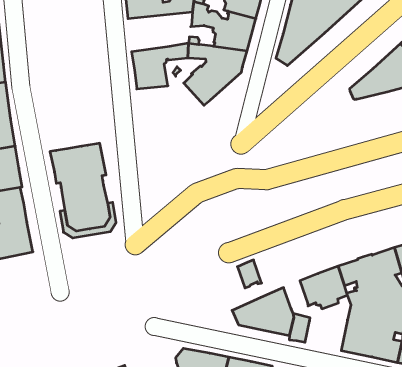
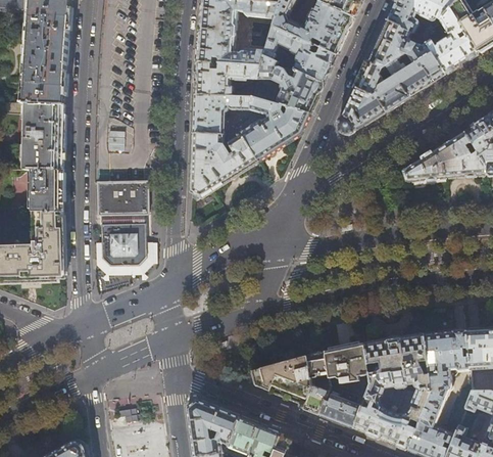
building: none -> [194,61,261,96]
building: none -> [190,133,257,200]
building: [237,260,262,288] -> [306,352,328,378]
building: none -> [318,394,364,428]

